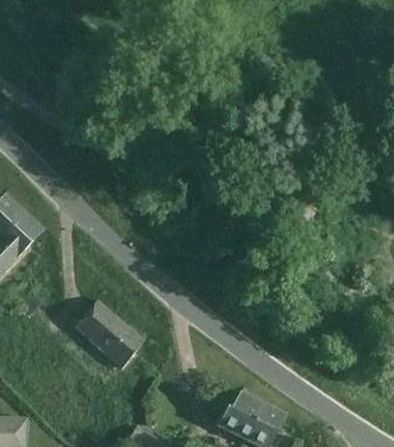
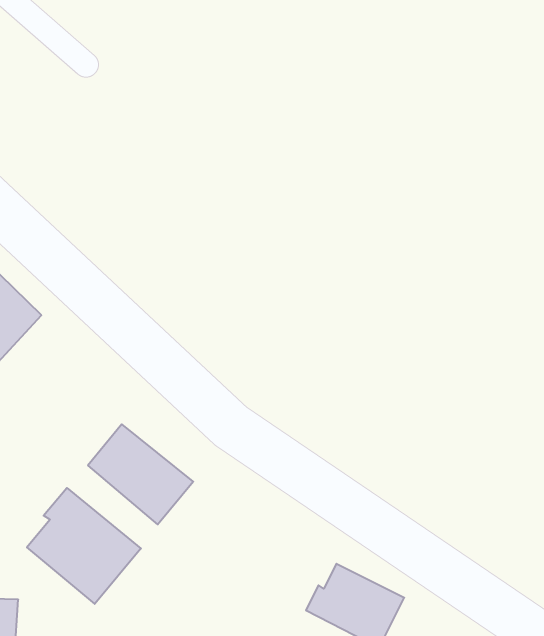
building: none -> [27,488,141,604]

